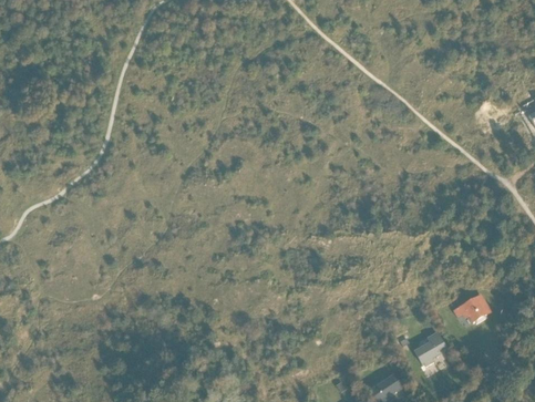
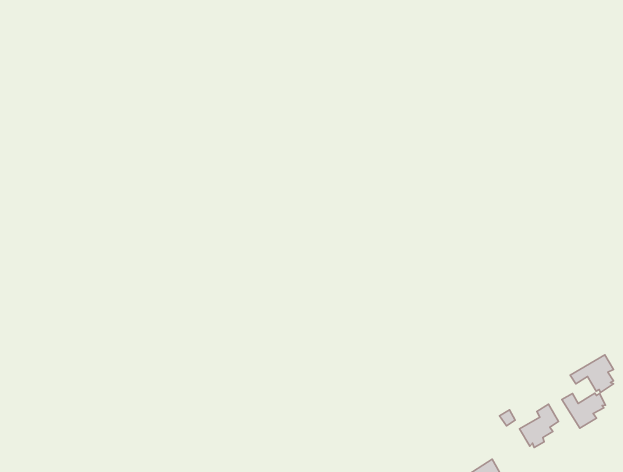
building: none -> [562,393,606,428]

